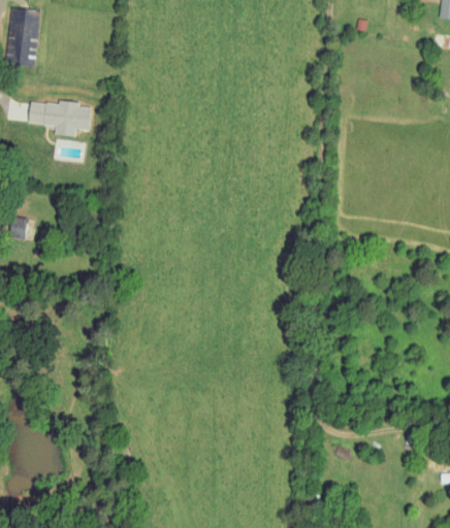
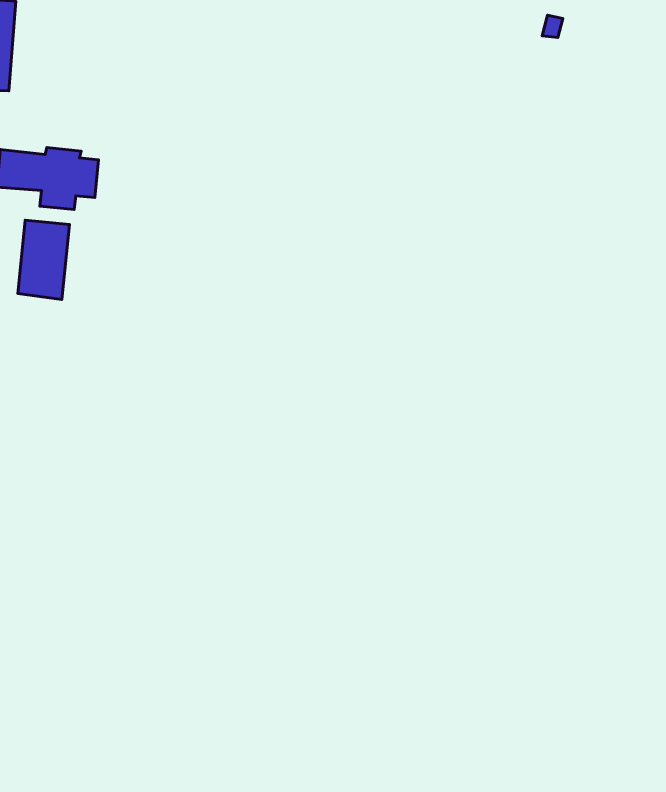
building: none -> [18,220,69,300]

